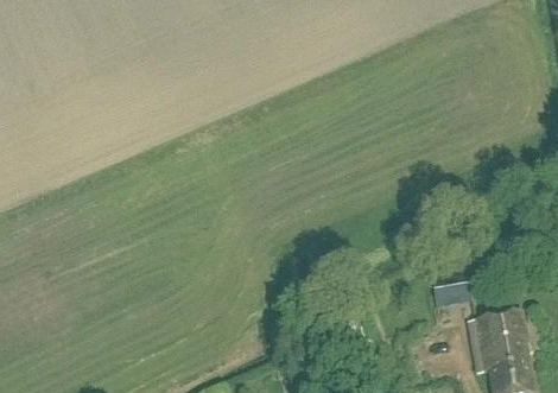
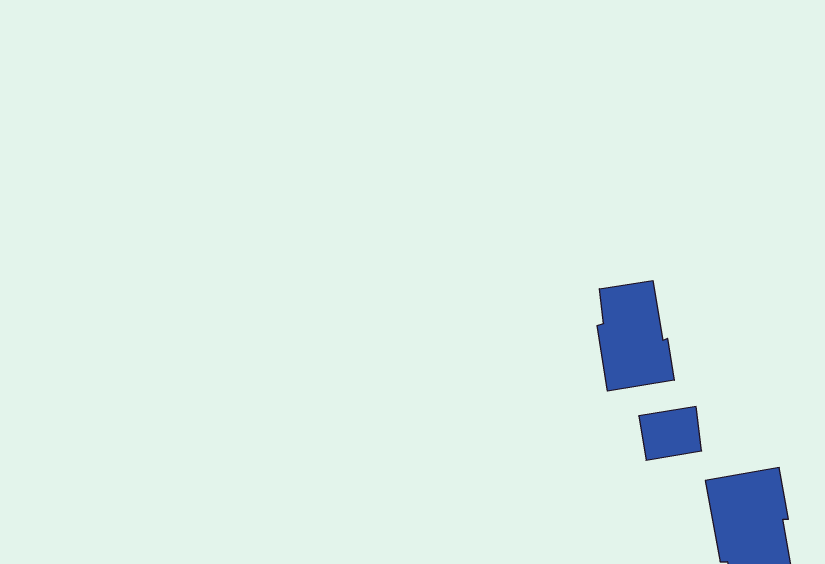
building: none -> [597,281,674,391]

